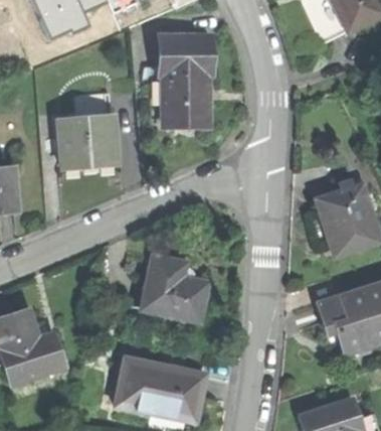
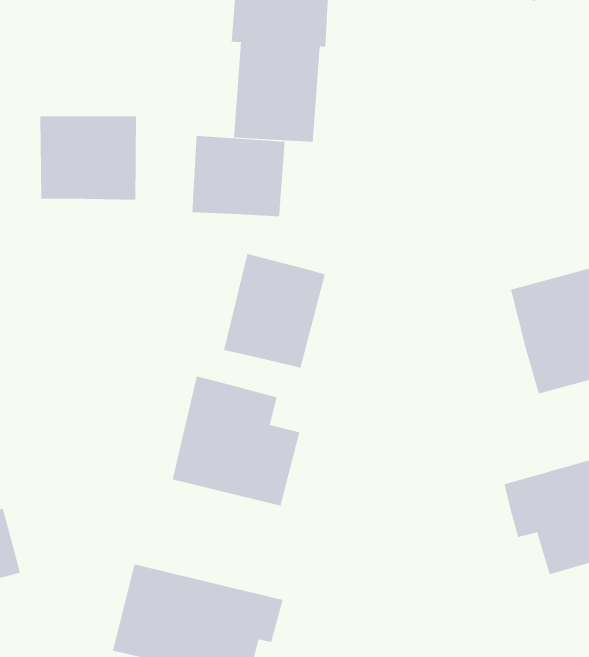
building: [75,94,113,120] -> none
building: none -> [192,135,285,217]
building: none -> [224,253,326,369]

